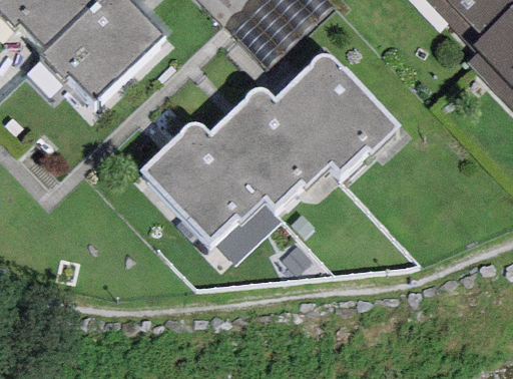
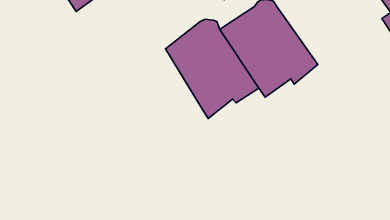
building: [142,124,263,242] -> none

